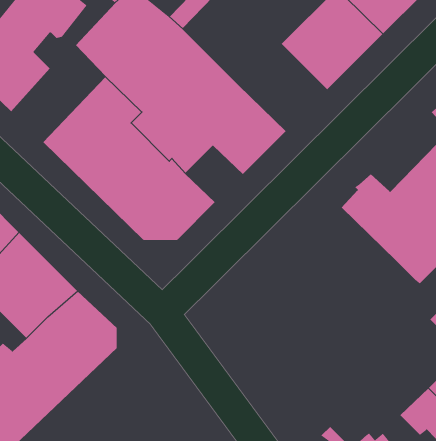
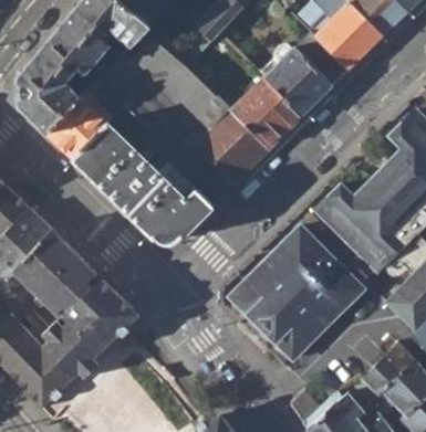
building: none -> [231,77,303,148]
building: none -> [46,78,123,157]
building: none -> [229,225,374,358]

